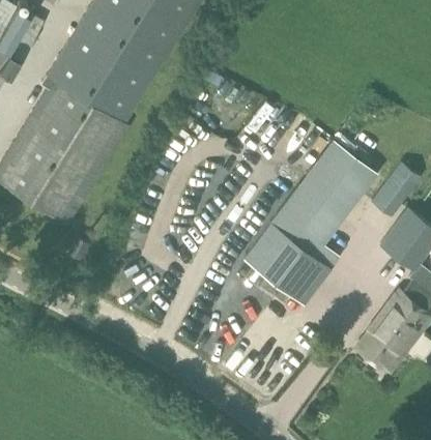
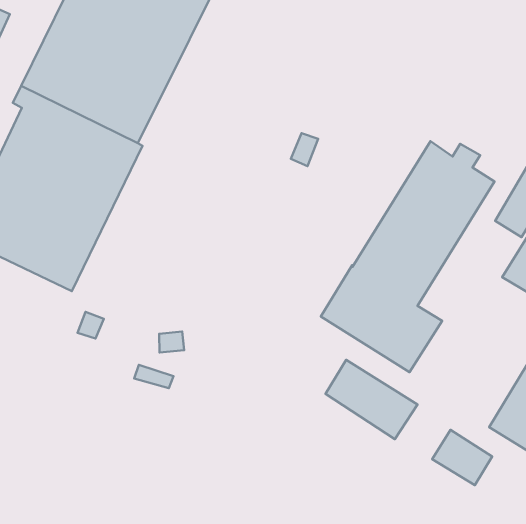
building: none -> [325,360,417,439]
building: none -> [432,430,492,485]

